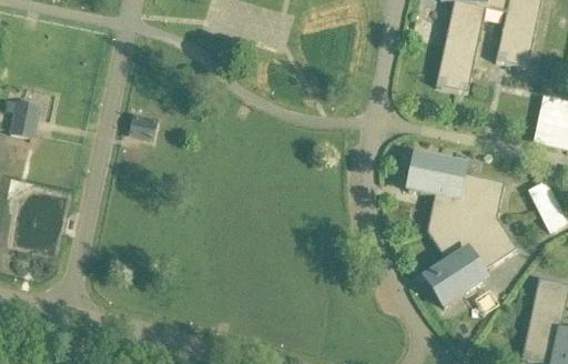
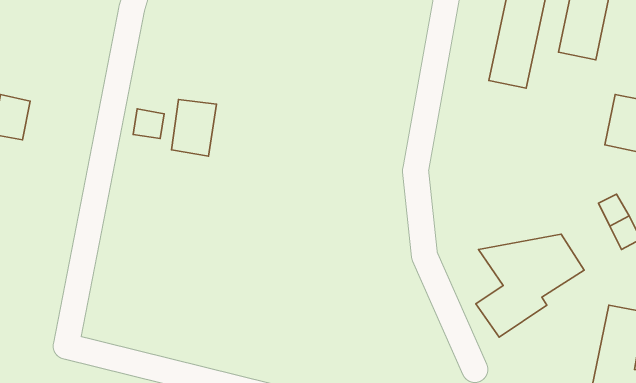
building: none -> [171,99,216,156]
building: [407,154,504,230] -> none

